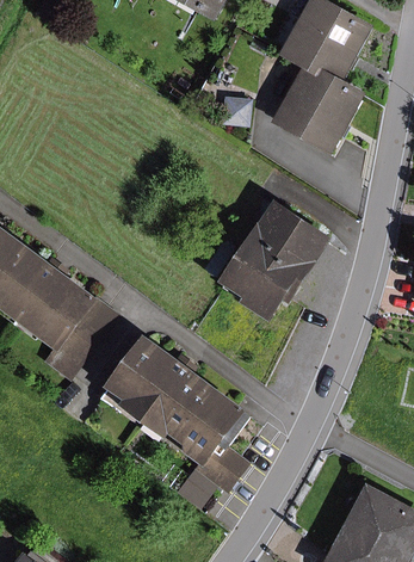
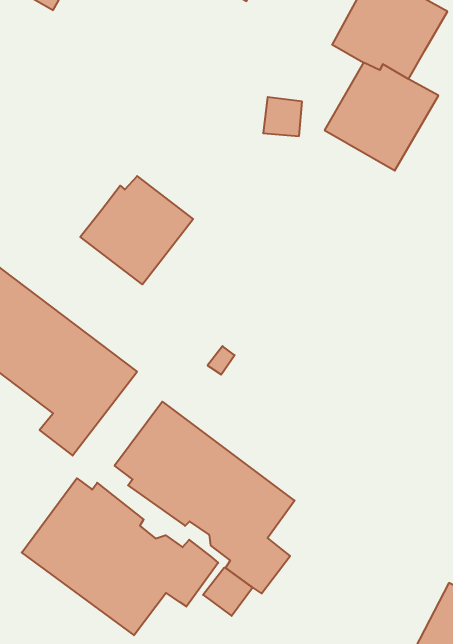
building: none -> [80,176,193,284]
building: [220,200,330,320] -> none
building: none -> [22,478,218,635]

